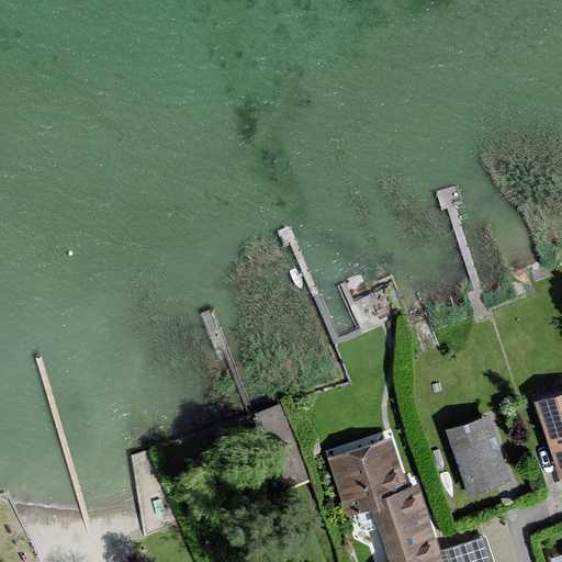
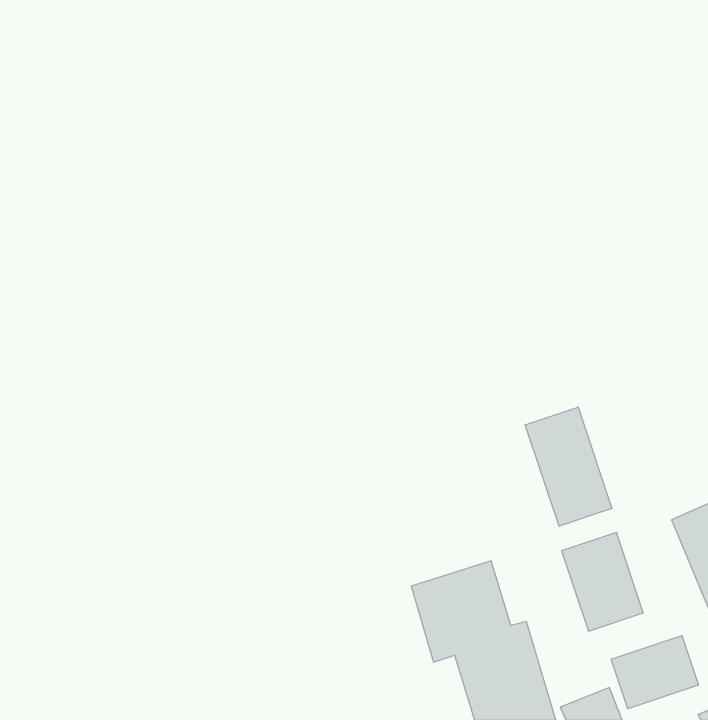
building: none -> [525,407,612,526]
building: none -> [611,636,698,709]

